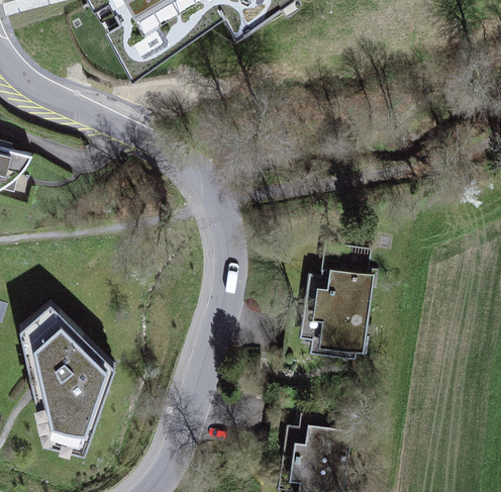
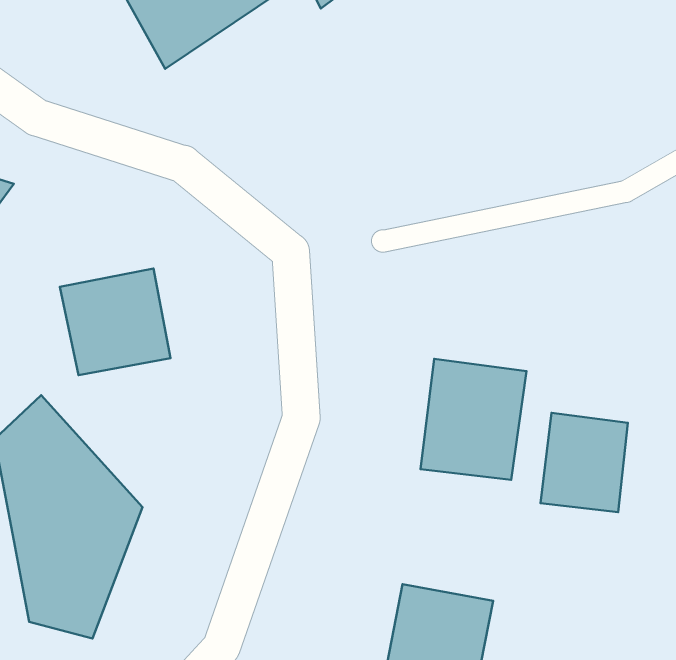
building: none -> [60,269,171,375]
building: none -> [540,413,628,512]

